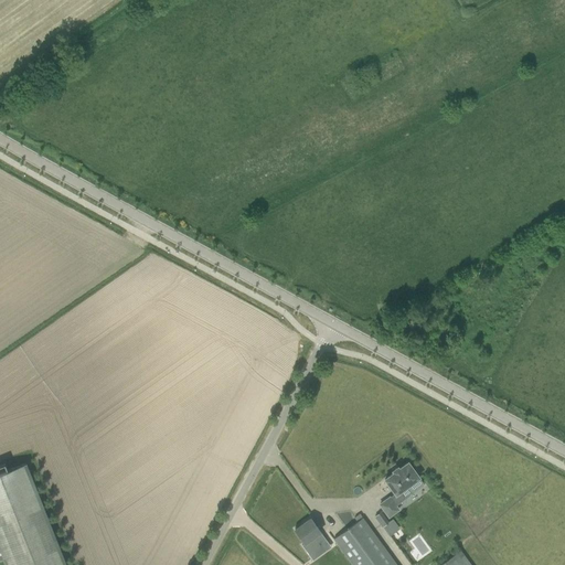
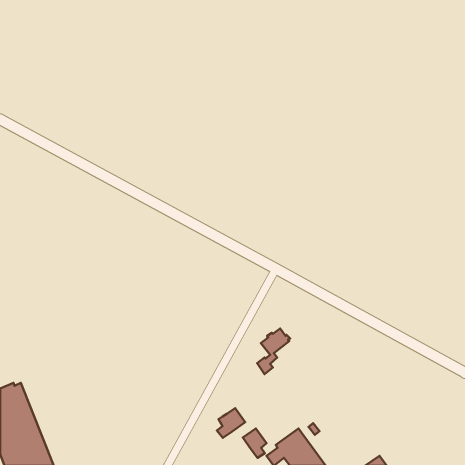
building: [380,463,419,519] -> [257,328,290,374]
building: none -> [217,408,245,438]

